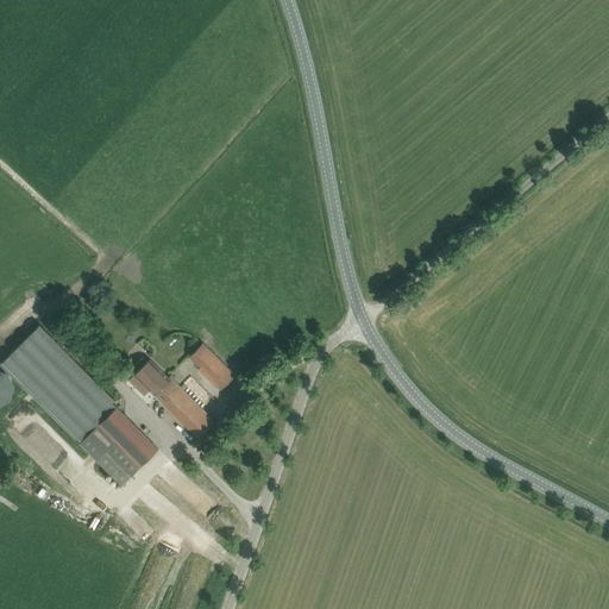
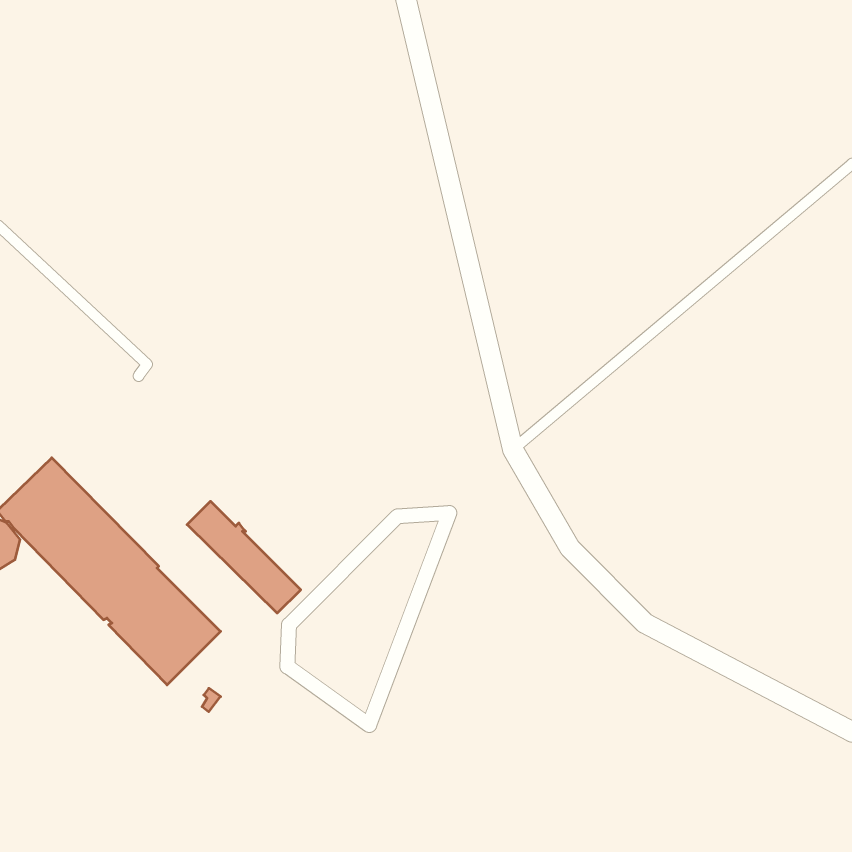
building: [188,341,234,388] -> none

